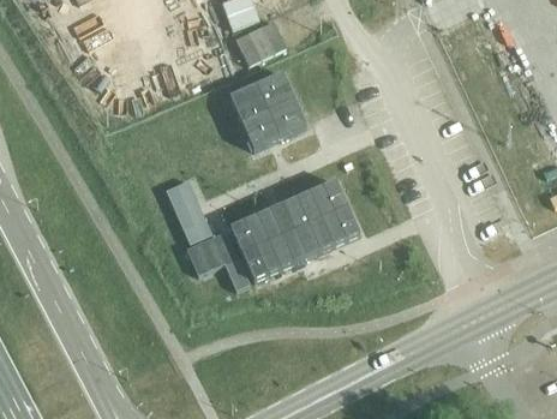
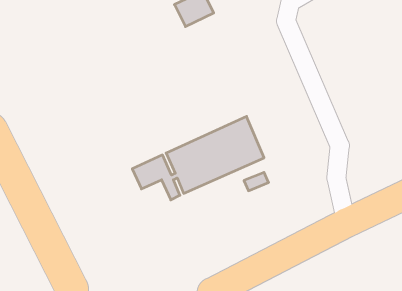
building: [228,72,305,149] -> none
building: [164,179,210,243] -> none

